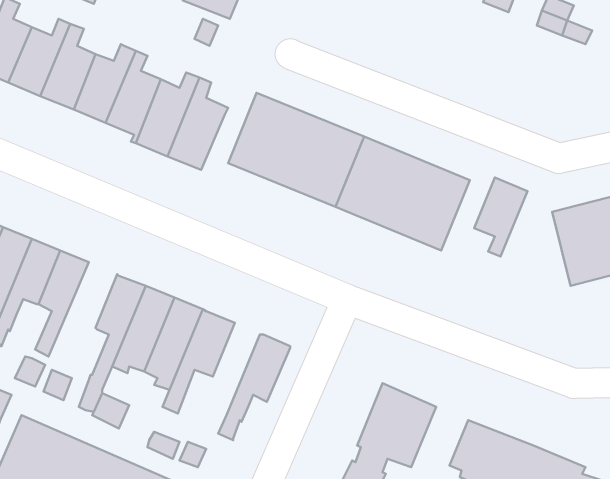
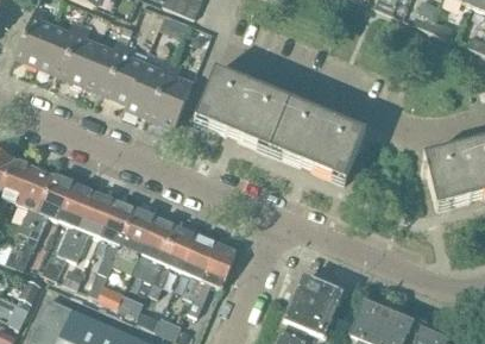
building: [474,178,528,257] -> none
building: none -> [65,189,114,259]
building: none -> [181,232,215,298]

